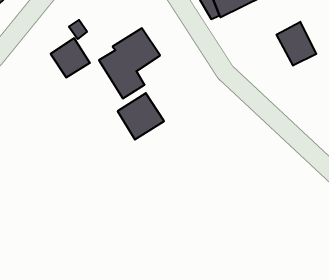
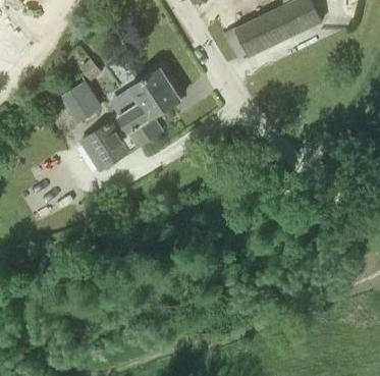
building: [277,22,316,66] -> none
building: [118,93,164,140] -> [79,119,131,171]

